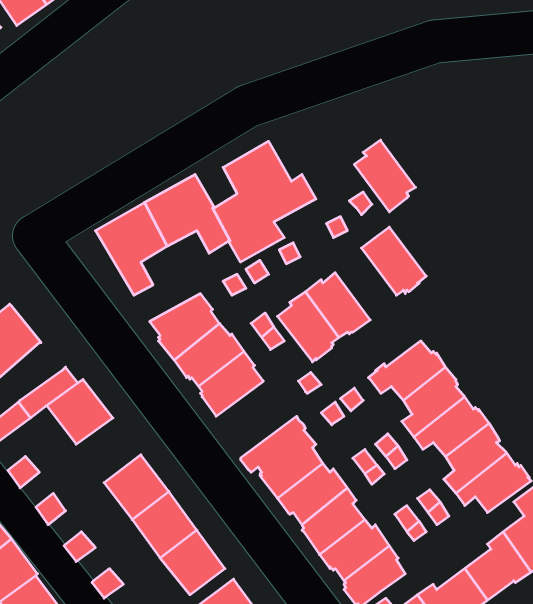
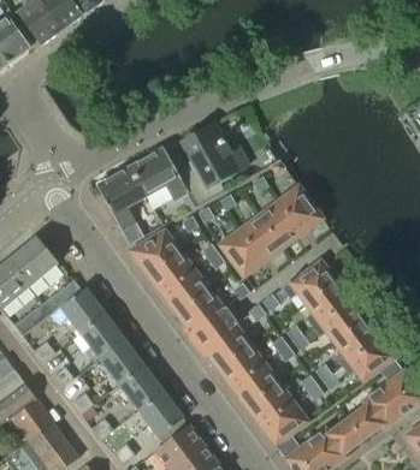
building: [354,140,416,212] -> [259,198,301,248]
building: none -> [177,290,232,343]
building: none -> [81,315,125,362]

